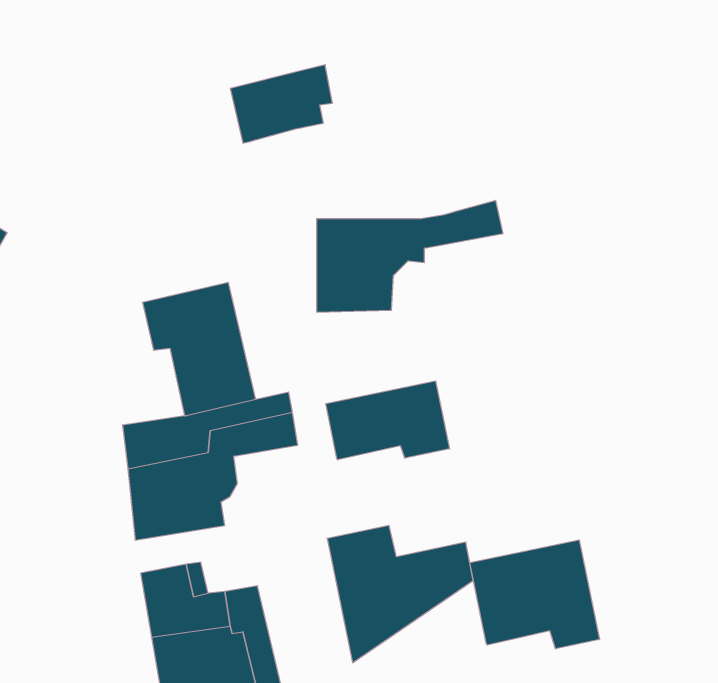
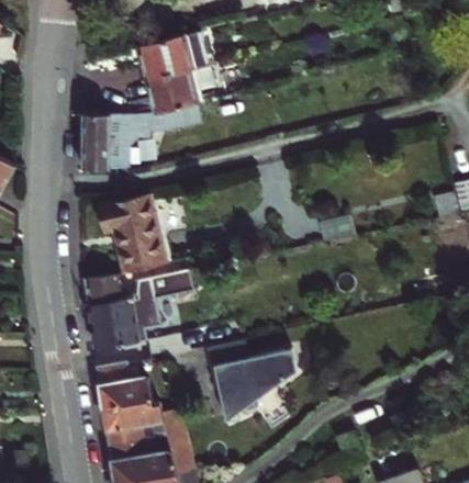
building: none -> [142,35,194,78]
building: [317,200,503,312] -> [82,102,194,169]
building: [326,381,450,460] -> none
building: [470,540,600,649] -> none

